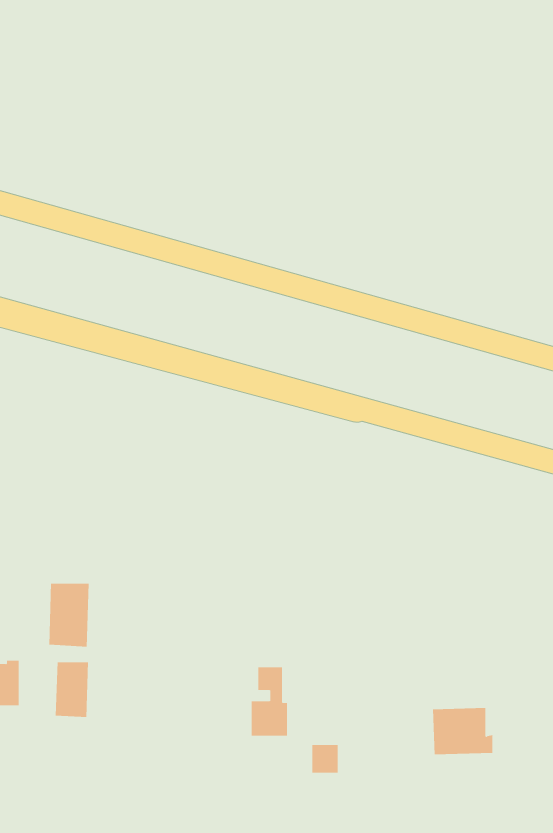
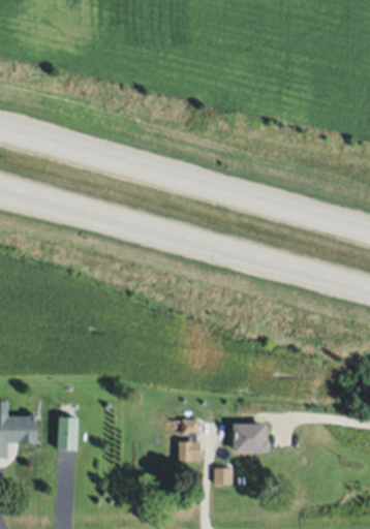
building: [49,583,89,647] -> none
building: [432,707,493,755] -> [232,423,269,452]

